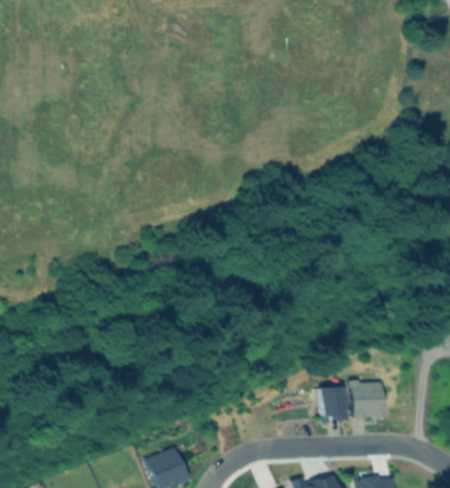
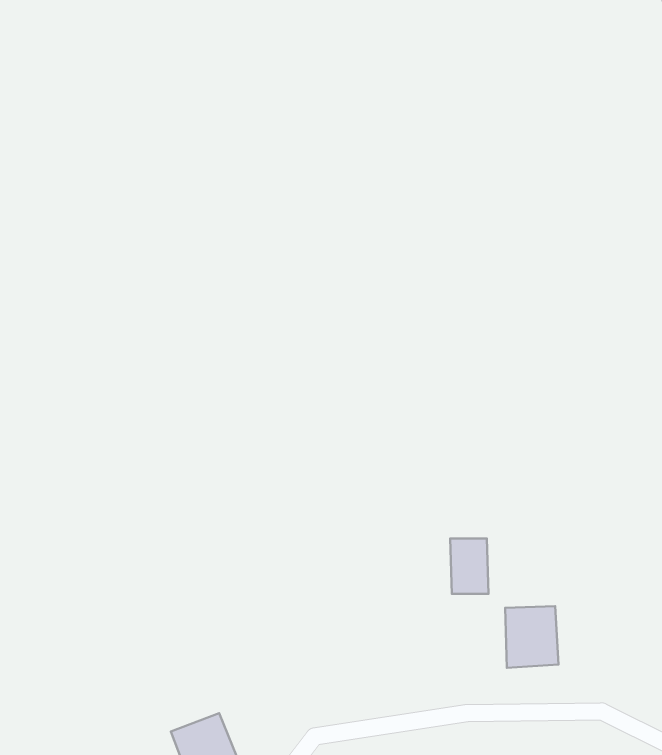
building: [320,388,344,422] -> [450,539,489,594]

